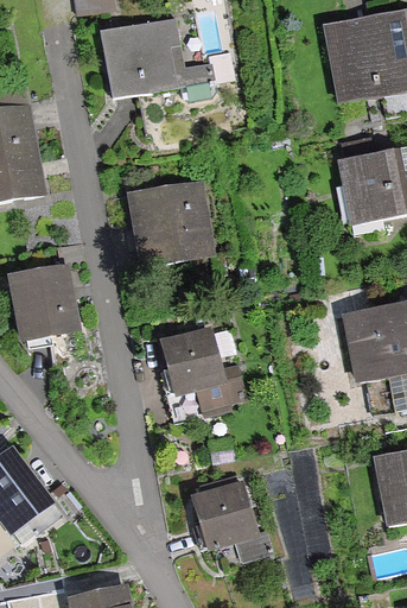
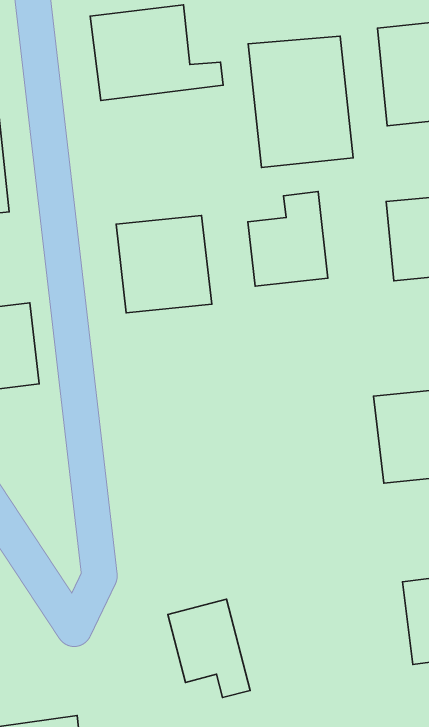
building: none -> [248,36,353,167]
building: none -> [248,192,328,286]
building: [161,332,240,406] -> none

